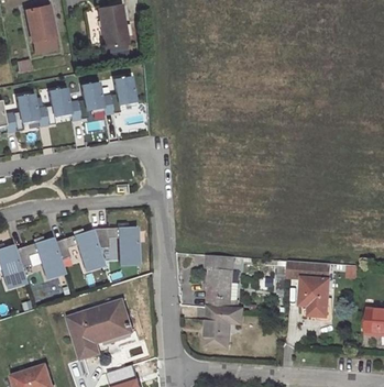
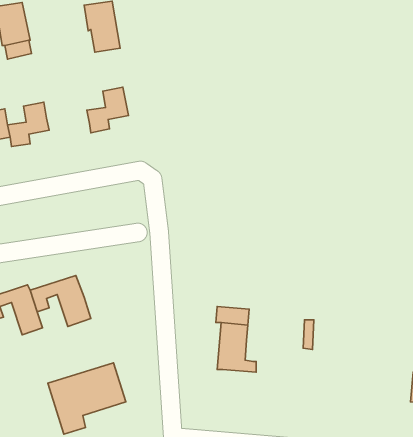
building: [67,82,102,119] -> none
building: [91,226,139,265] -> none
building: [288,261,331,317] -> none
building: [205,307,243,347] -> none

